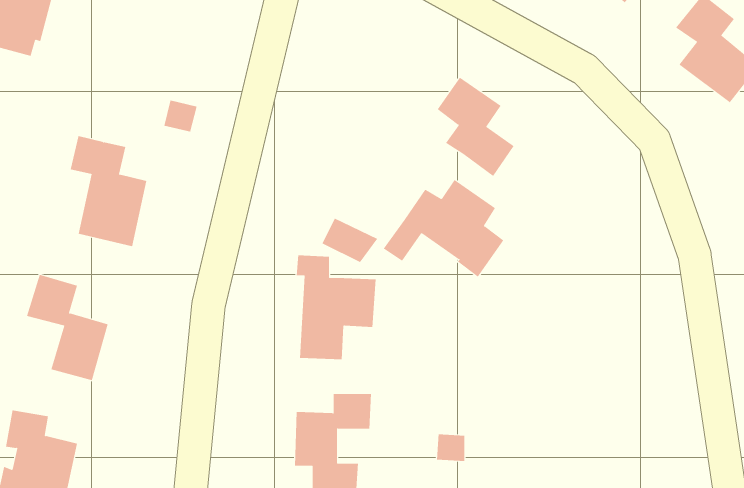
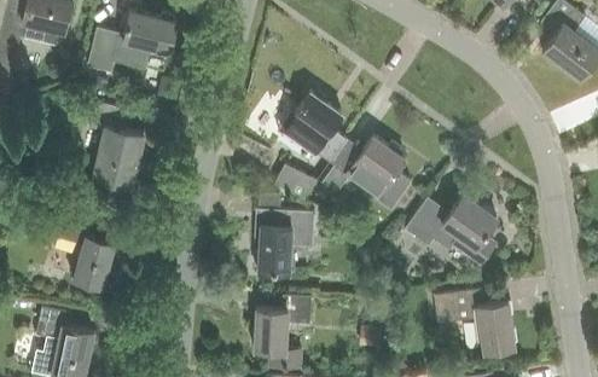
building: none -> [88,12,176,72]
building: [437,77,514,177] -> [294,92,352,167]
building: none -> [406,195,498,265]
building: none -> [436,289,515,352]

